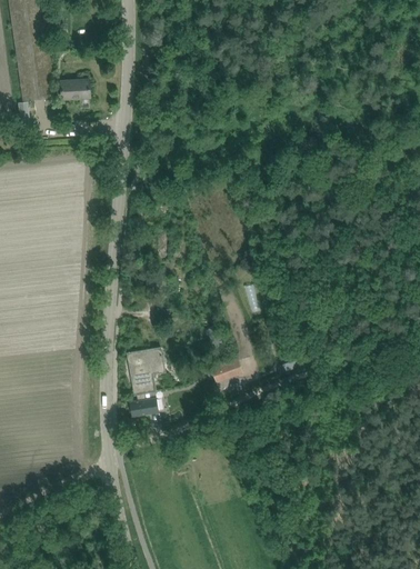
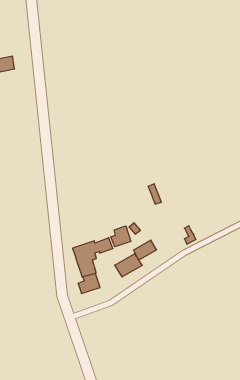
building: none -> [111,226,131,247]
building: none -> [115,254,142,277]

